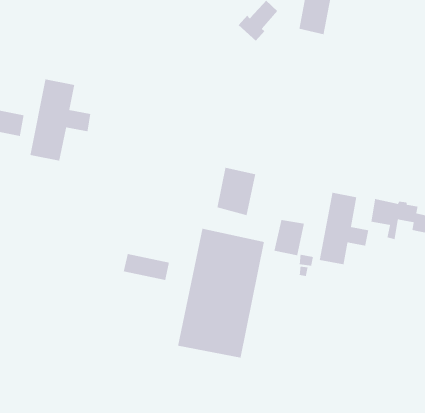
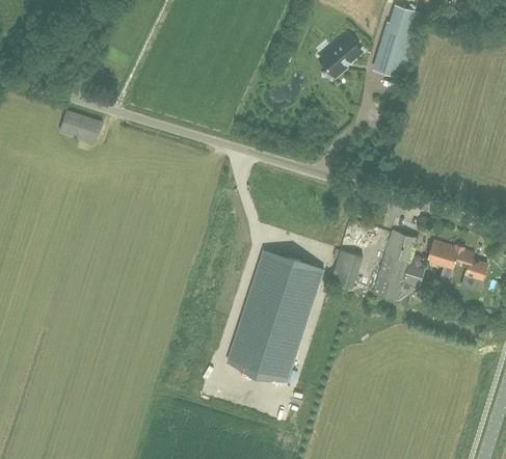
building: [30,79,91,162] -> none
building: [217,167,256,216] -> none
building: [123,253,170,281] -> none

